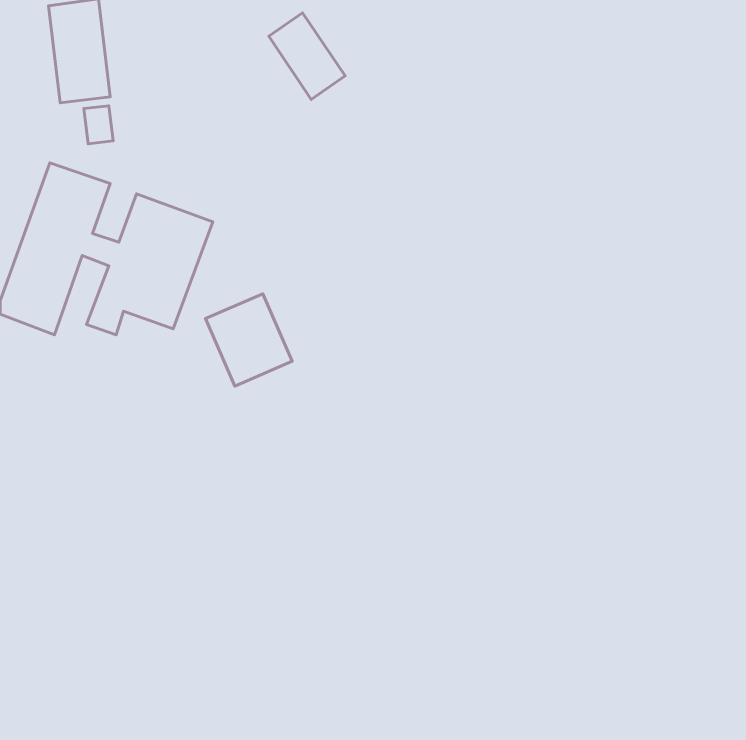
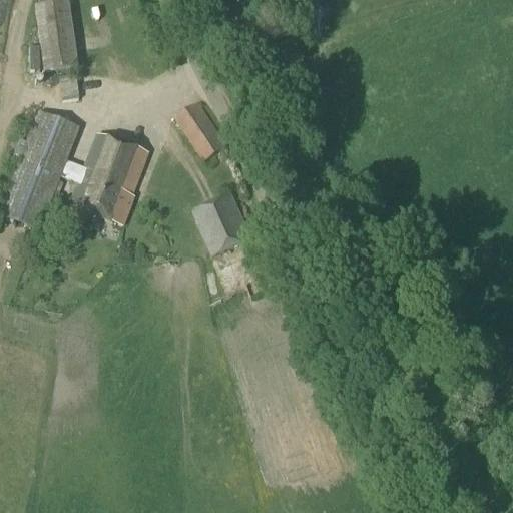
building: [269,13,345,99] -> [176,99,228,158]
building: [206,294,292,386] -> [193,191,252,254]

